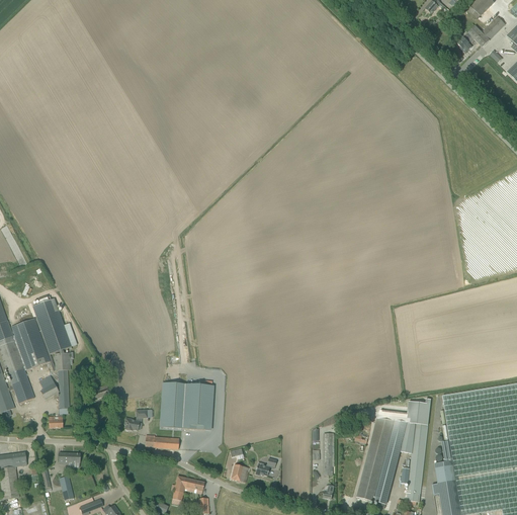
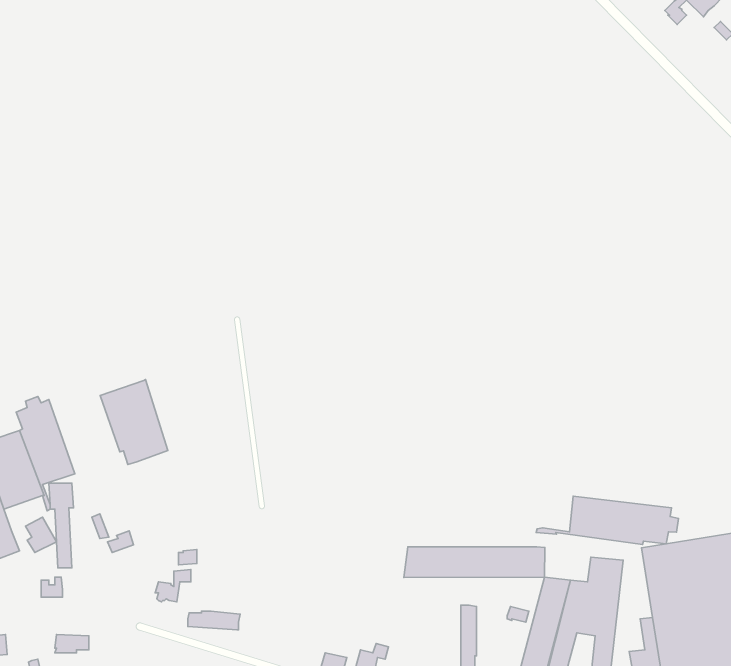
building: none -> [100,379,168,464]
building: none -> [536,496,678,545]
building: [160,381,212,429] -> none
building: none -> [404,547,545,578]

